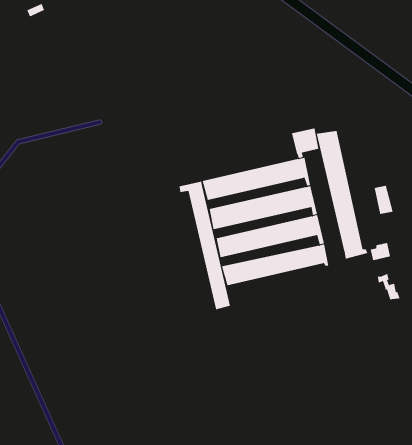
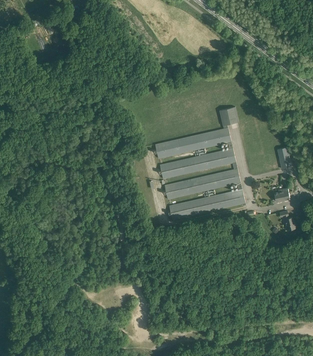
building: [316,130,368,260] -> none
building: [179,181,231,310] -> none

